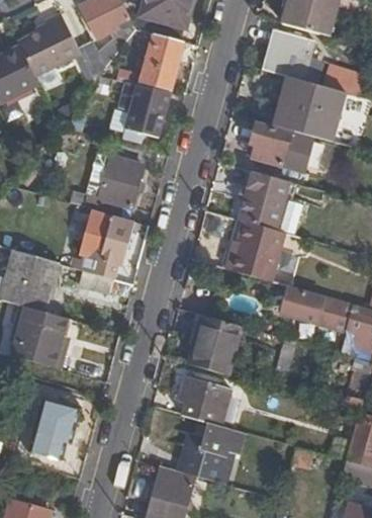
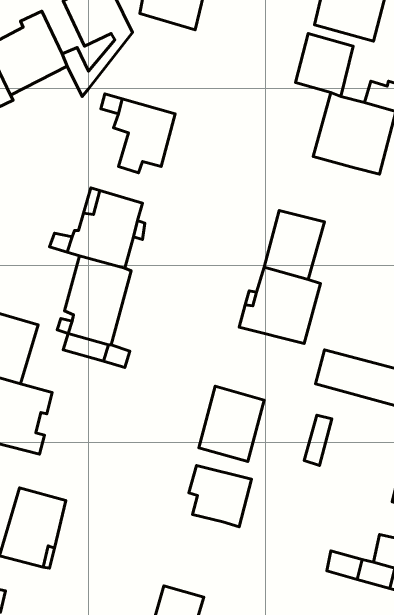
building: [141,34,183,90] -> none
building: [250,123,313,171] -> none
building: [177,424,245,484] -> none

